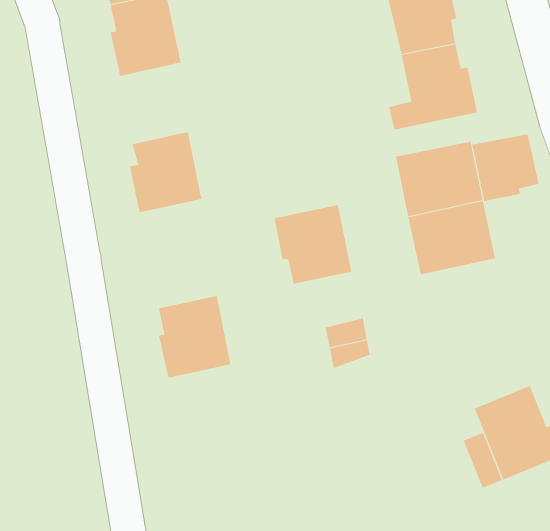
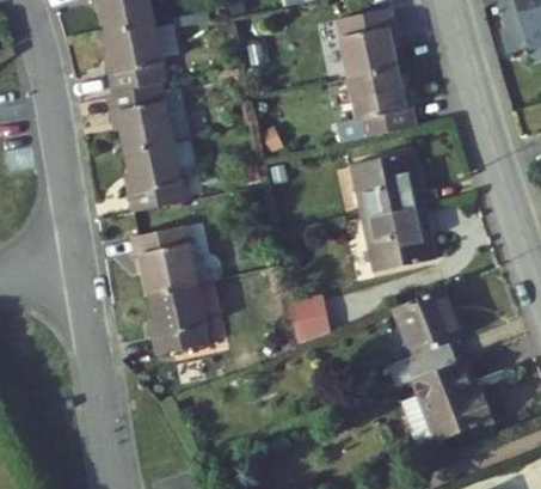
building: none -> [104,82,171,152]
building: [472,134,539,202] -> none
building: [274,204,352,284] -> [128,225,196,294]
building: none -> [395,287,467,381]

